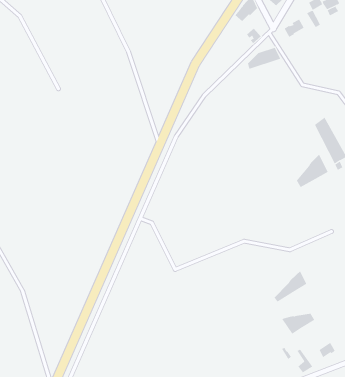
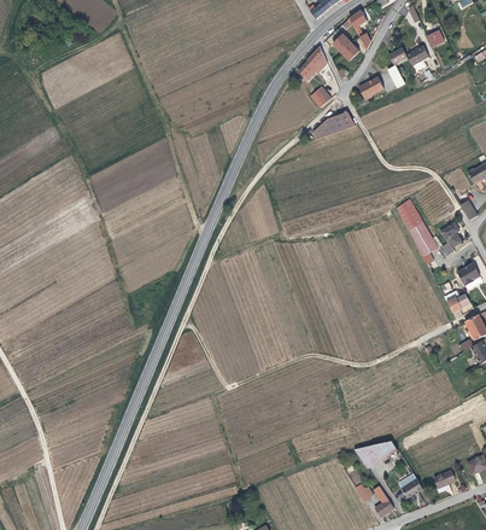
building: [296,154,328,188] -> none
building: [274,271,307,303] -> none

